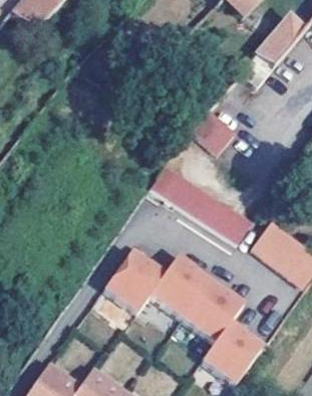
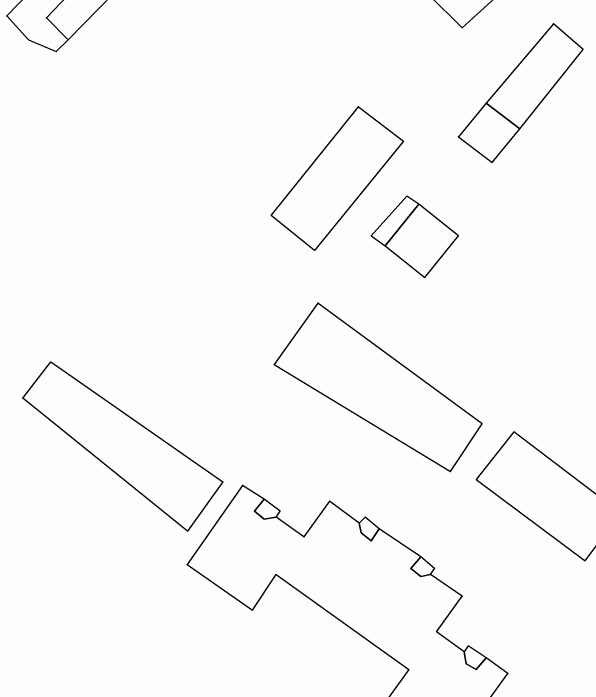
building: none -> [271,107,403,250]
building: none -> [23,362,223,531]

